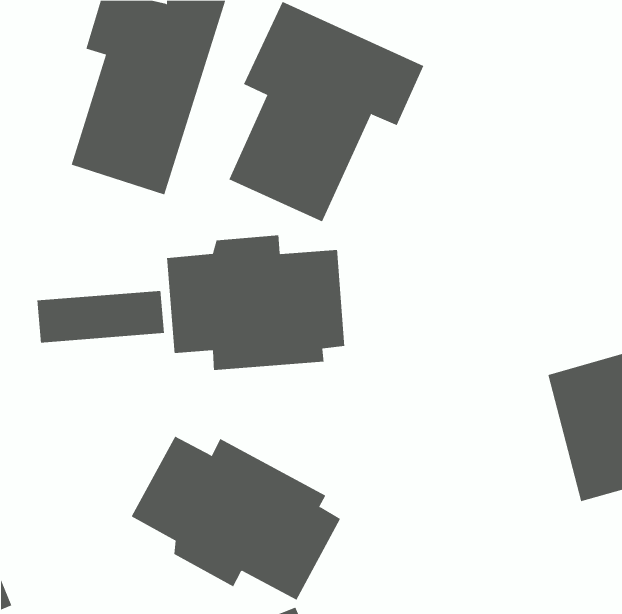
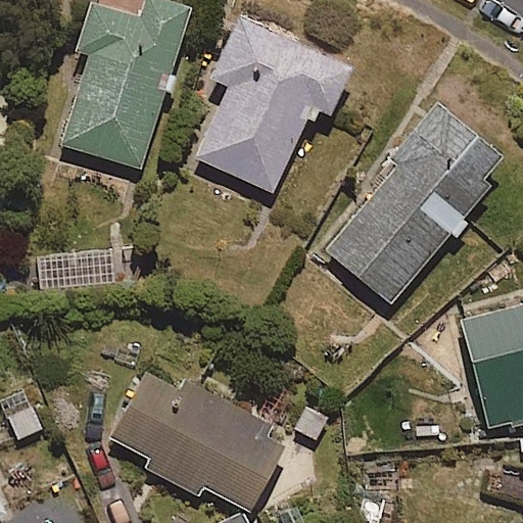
building: none -> [331,100,507,302]
building: [166,234,345,371] -> none

